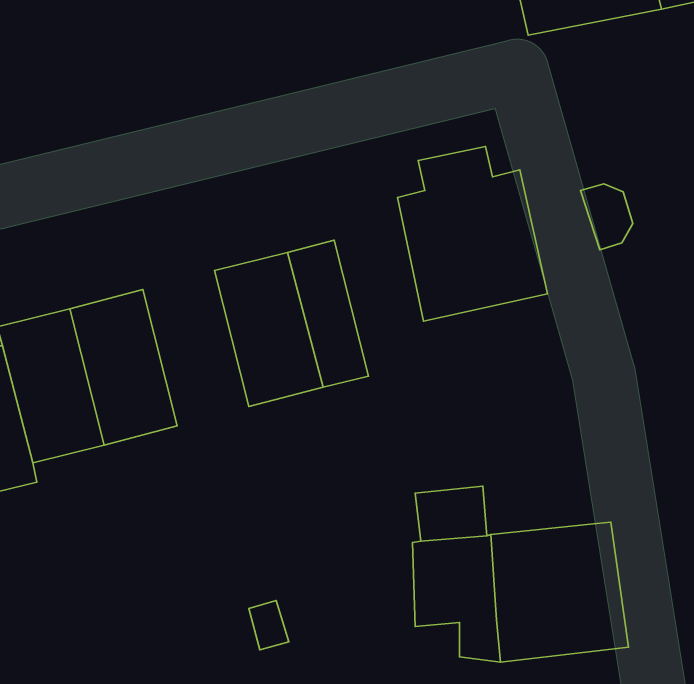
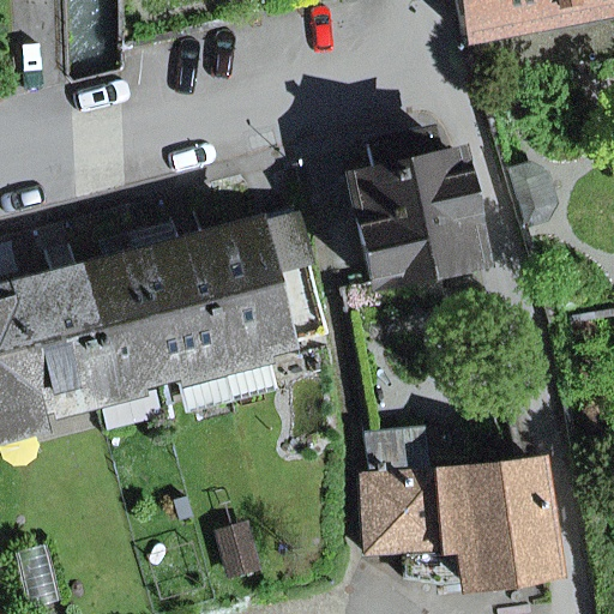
building: none -> [128,242,221,378]

